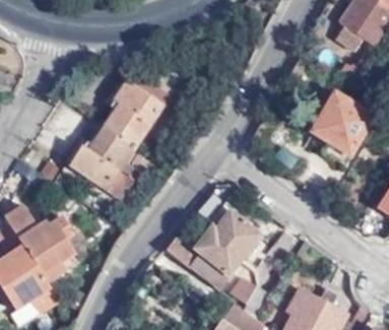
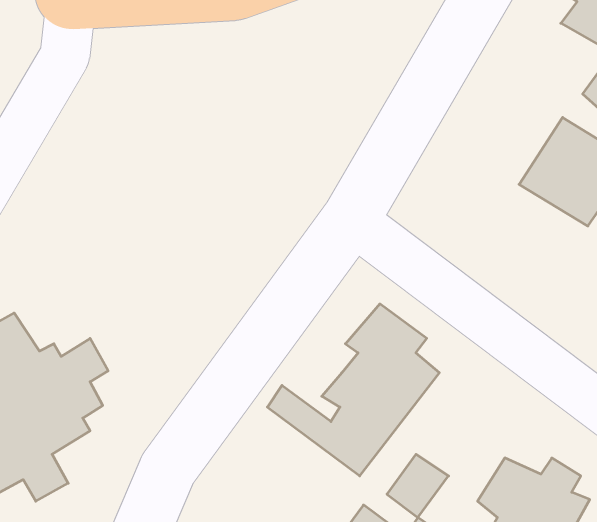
building: [62,78,168,195] -> none

